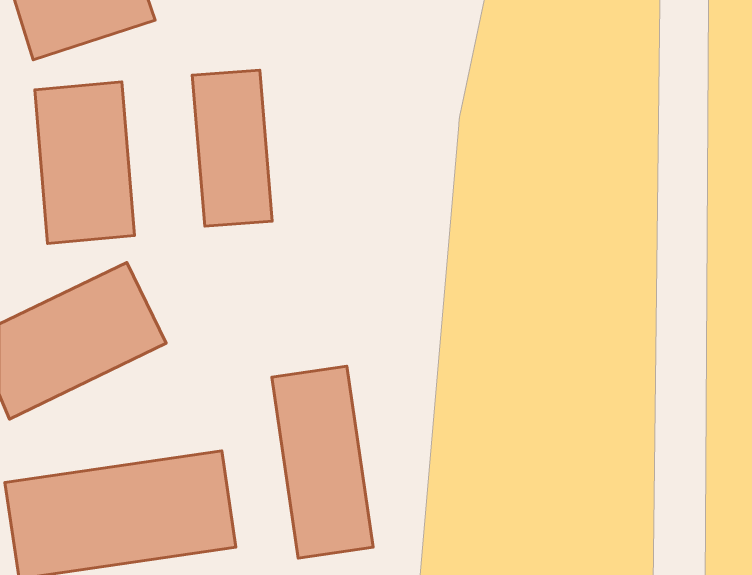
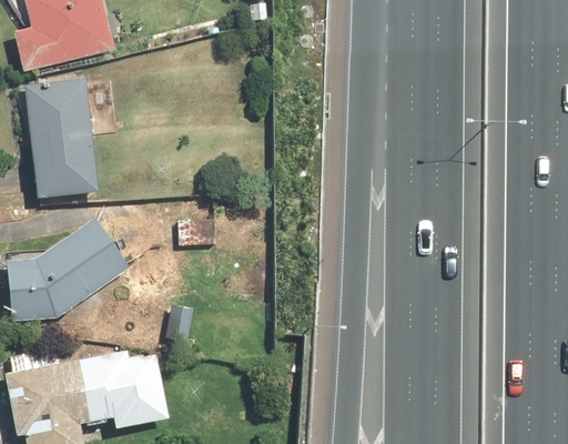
building: [192,70,272,226] -> none
building: [272,366,373,558] -> none

